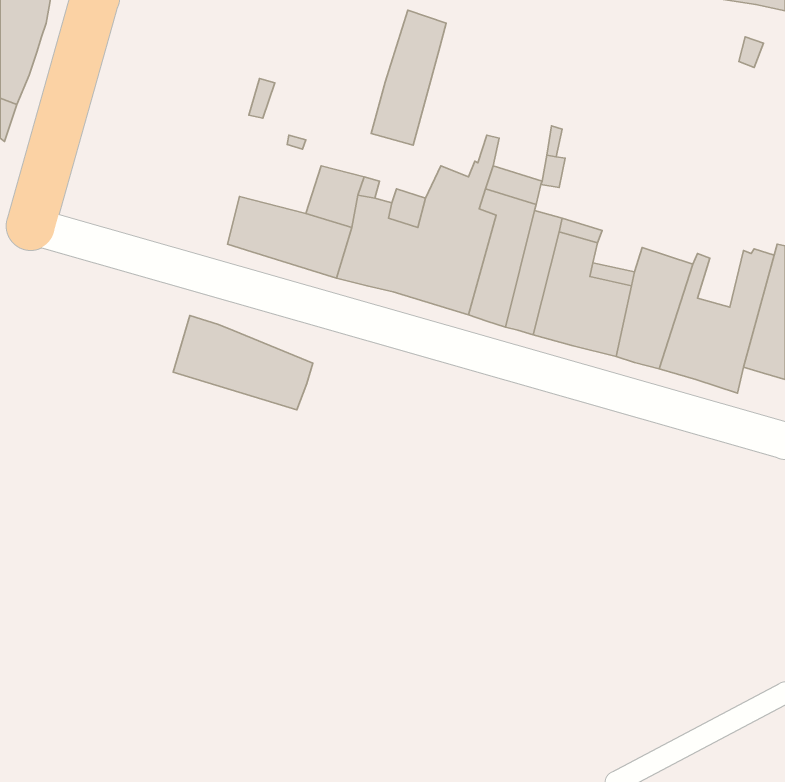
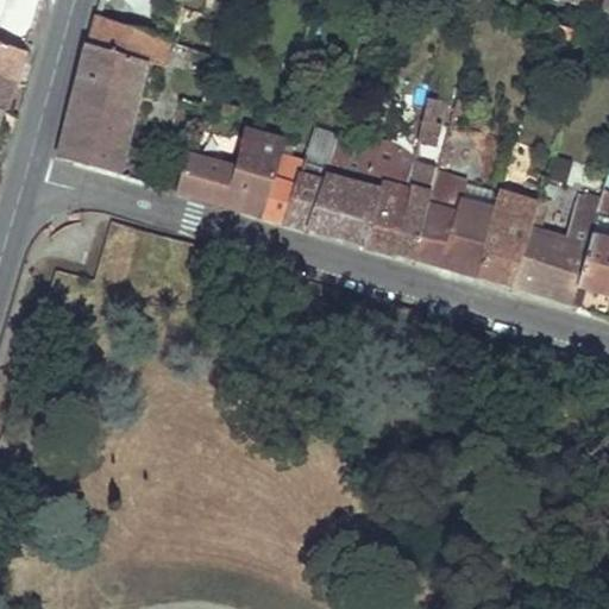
building: [371,10,446,145] -> none
building: none -> [58,13,168,171]
building: [173,316,313,410] -> none

